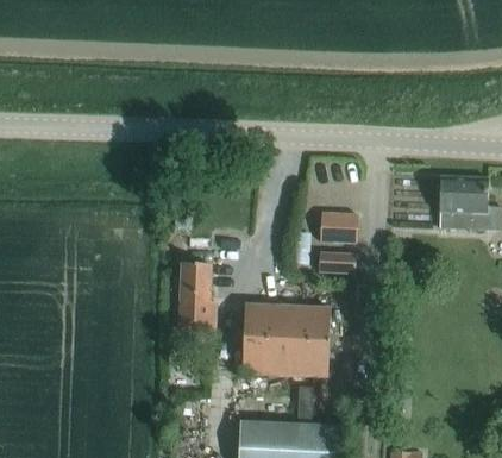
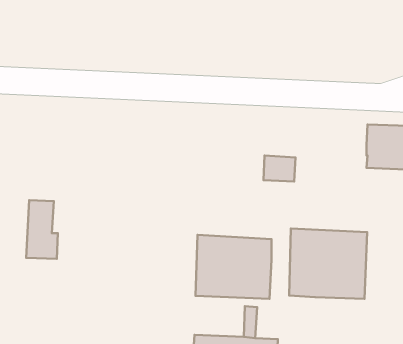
building: [320,252,356,274] -> none
building: [178,263,215,331] -> [26,200,58,259]
building: none -> [289,228,367,299]

